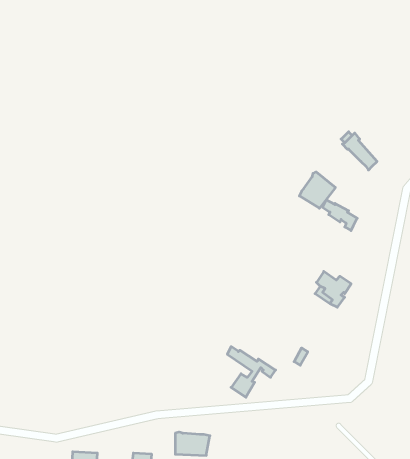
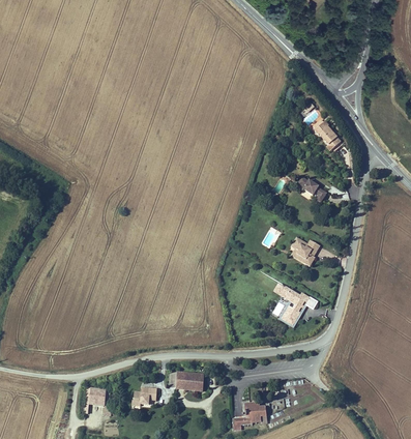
building: [299,172,335,208] -> none
building: [227,347,276,397] -> [275,284,316,326]

